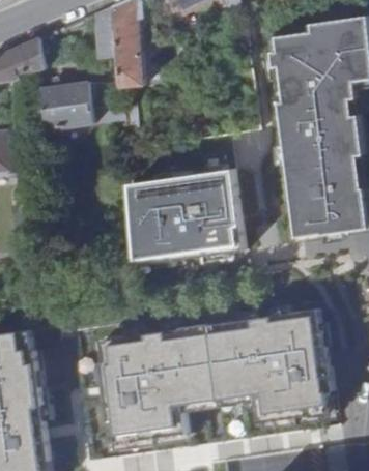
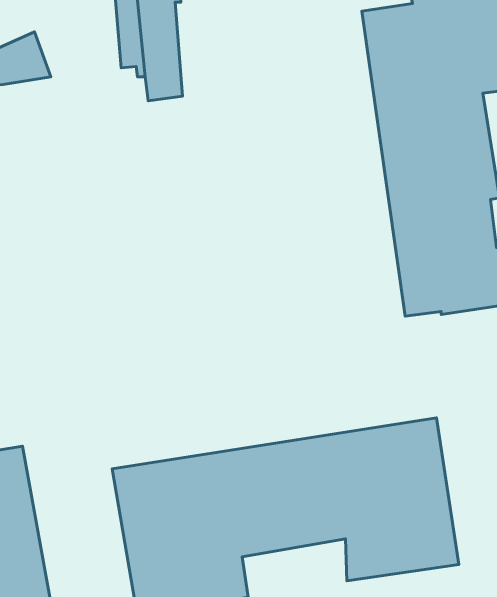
building: [40,86,121,131] -> none
building: [127,169,240,261] -> none

